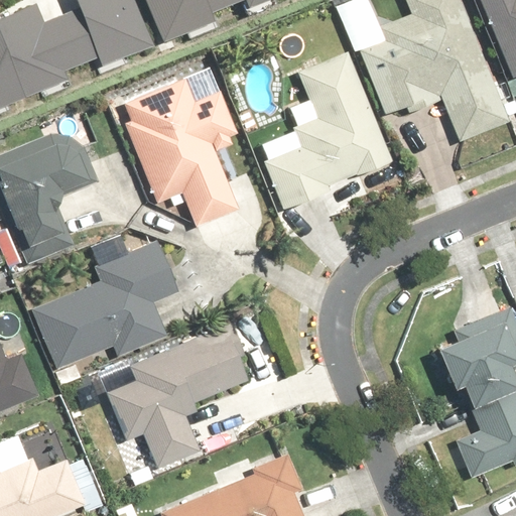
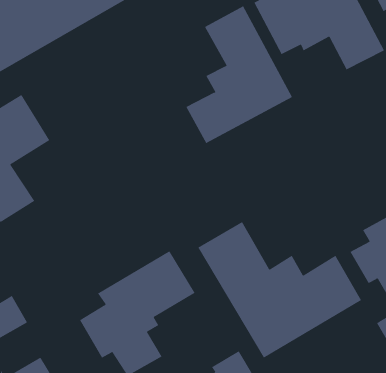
building: [117,74,241,227] -> none
building: [28,245,176,369] -> none
building: none -> [197,221,362,359]

